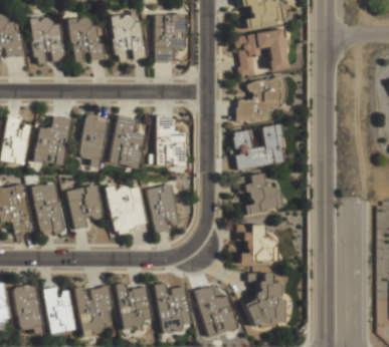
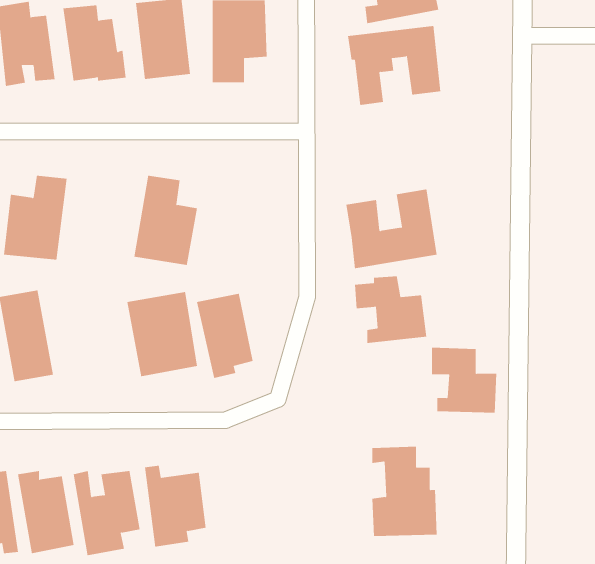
building: [235,78,282,121] -> none
building: [80,114,107,166] -> none
building: [156,117,186,165] -> none
building: [67,185,103,229] -> none
building: [236,224,274,262] -> [431,347,497,413]
building: [155,283,192,330] -> none
building: [196,286,237,335] -> none

